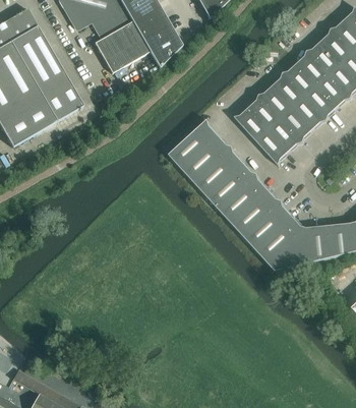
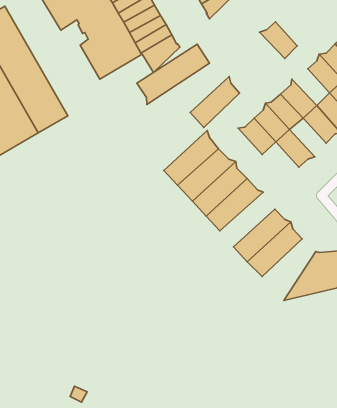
building: none -> [137,44,210,105]
building: [283,63,316,96] -> [260,22,297,58]
building: none -> [190,77,240,127]
building: [281,107,313,141] -> none
building: [256,128,289,165] -> none
building: [219,173,268,222] -> none
building: [256,215,304,270] -> none

